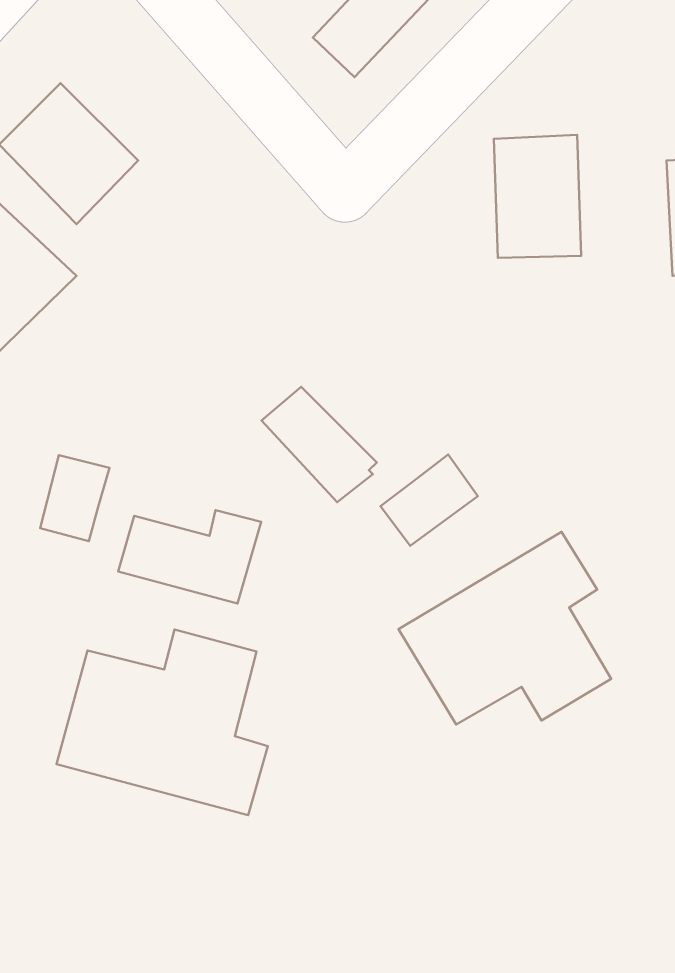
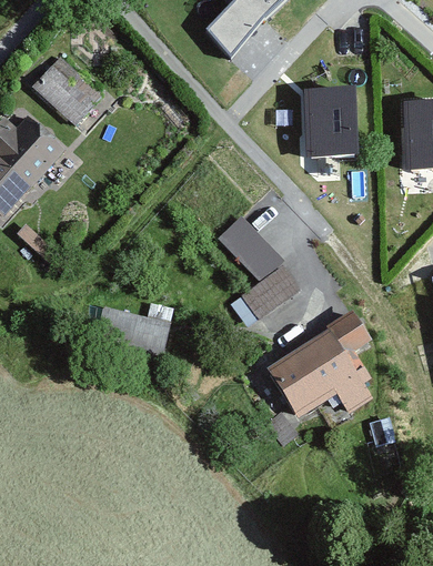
building: [262,387,377,502] -> [219,216,283,281]
building: [40,455,109,541] -> none
building: [56,629,268,815] -> none

